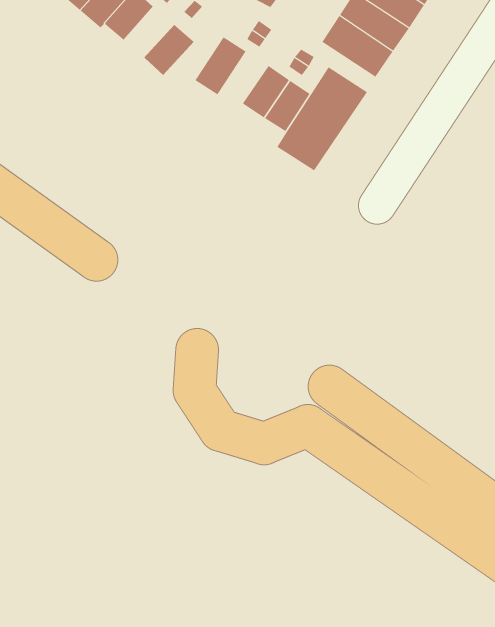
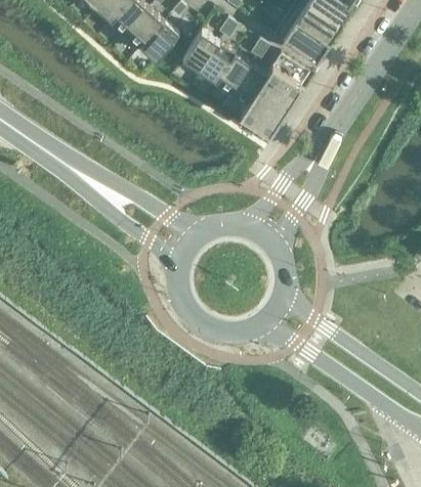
building: none -> [123,6,165,49]
building: none -> [198,40,236,84]

